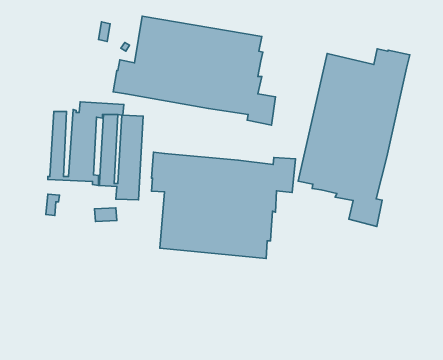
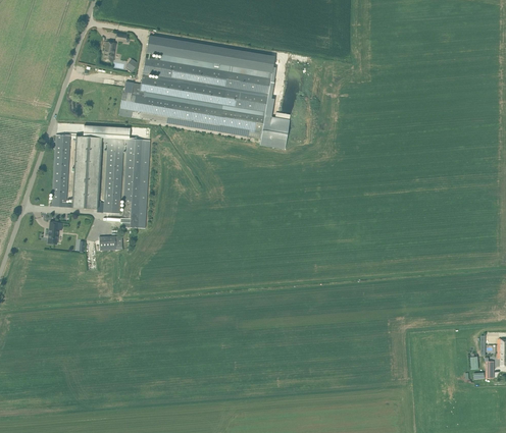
building: [298,49,410,227] -> none
building: [151,152,296,258] -> none

